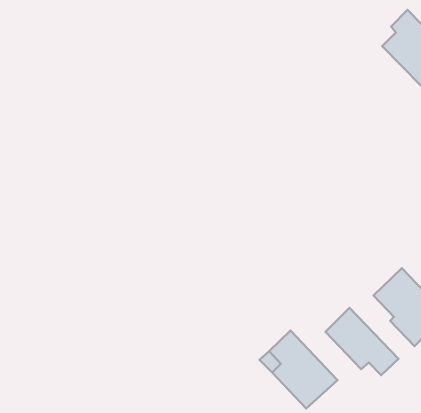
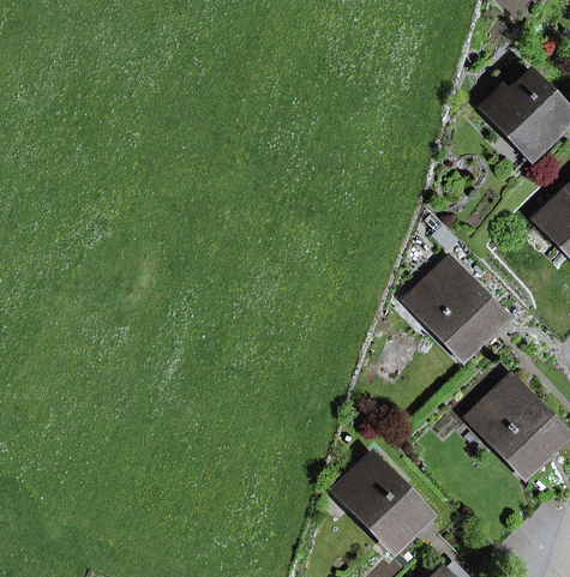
building: none -> [412,263,503,359]
building: [325,308,399,375] -> none

